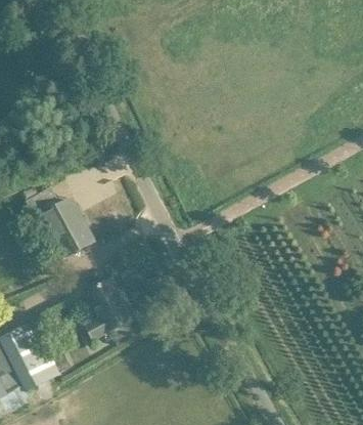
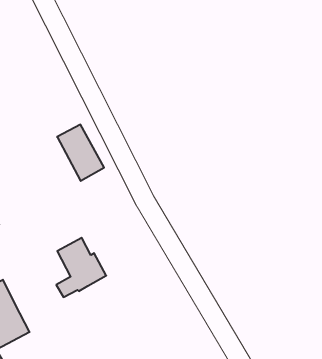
building: [43,198,90,254] -> [57,125,104,181]

